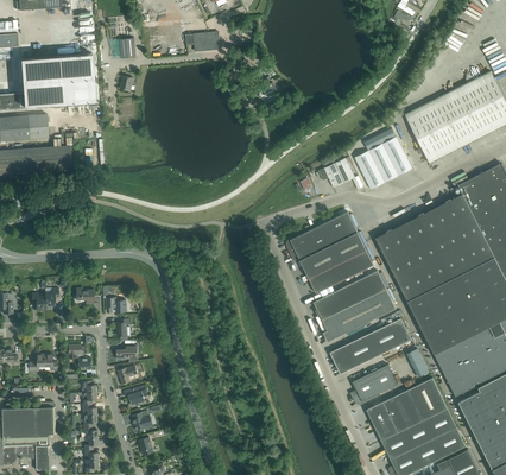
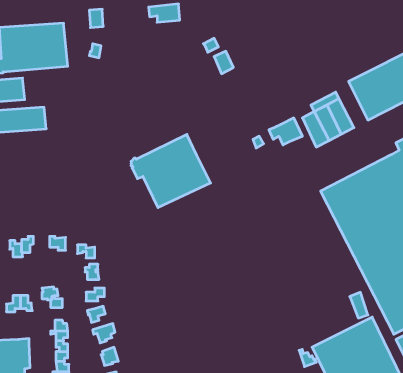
building: [286,213,374,293] -> [131,134,211,208]
building: [314,271,396,342] -> none
building: [330,318,411,374] -> none
building: [350,365,398,404] -> none

